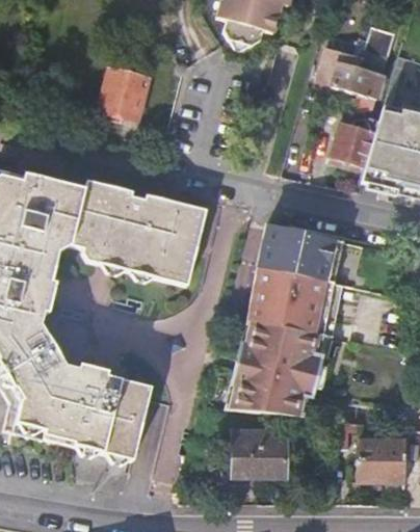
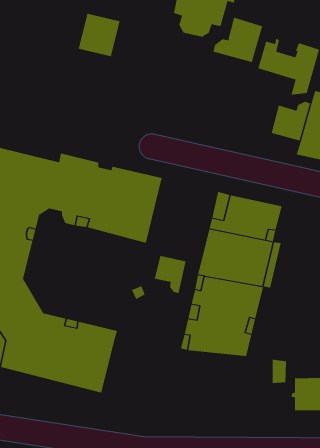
building: none -> [213,17,263,63]
building: [99,68,149,118] -> [78,13,120,57]
building: none -> [154,255,186,294]
building: [233,431,286,476] -> none

